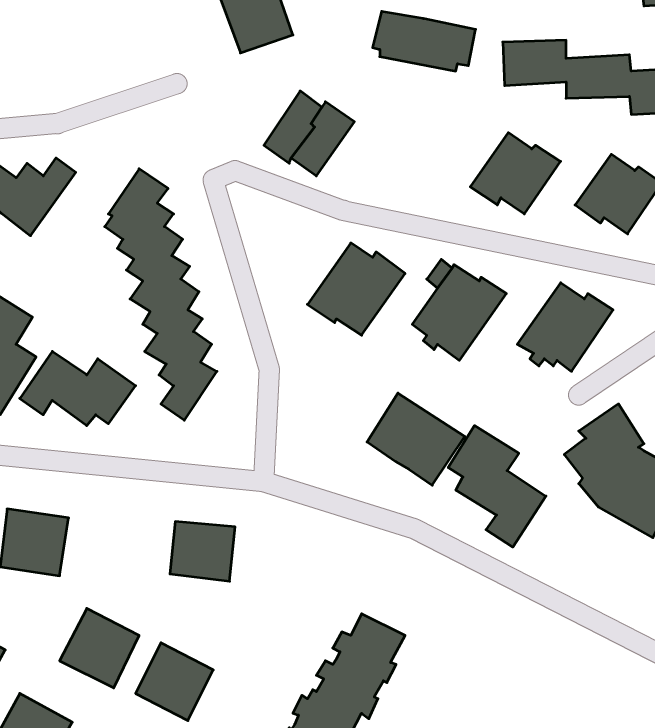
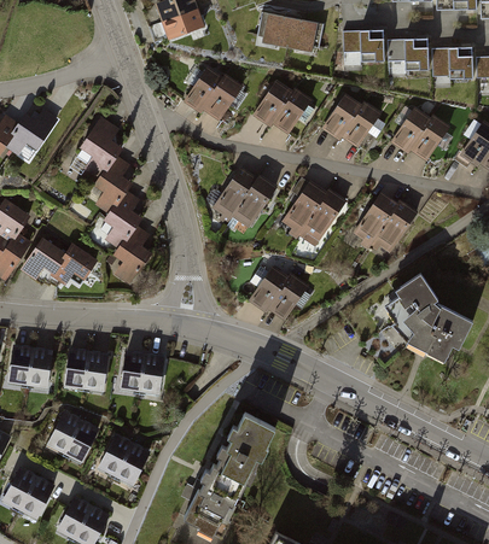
building: none -> [252,81,312,134]
building: [448,426,546,547] -> none
building: none -> [64,349,109,392]

